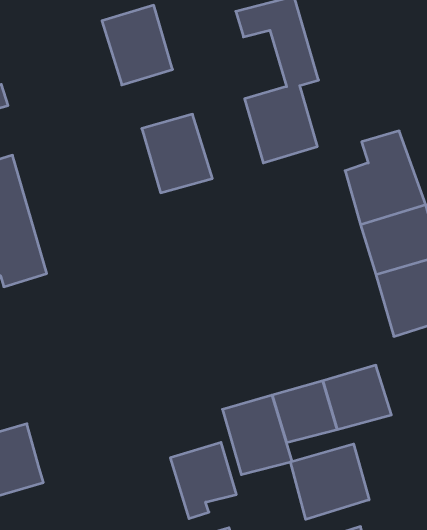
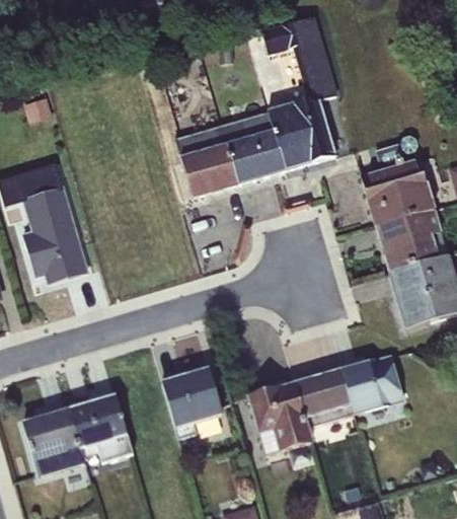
building: [102,5,173,85] -> [221,109,286,182]
building: none -> [69,394,132,461]
building: [170,442,236,519] -> [161,367,222,437]
building: [291,444,369,519] -> none

